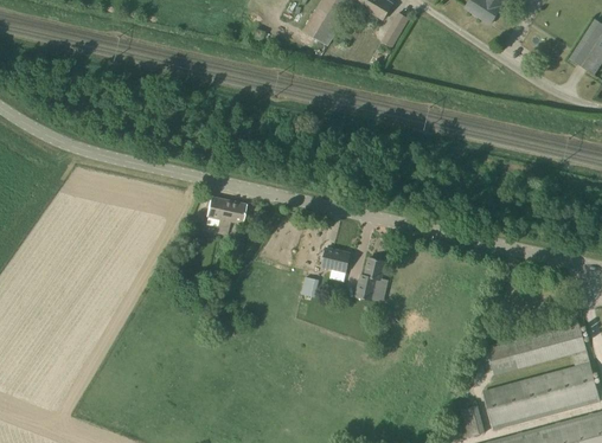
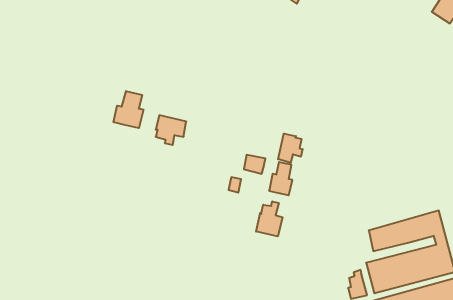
building: none -> [114,91,143,128]
building: none -> [278,134,303,163]
building: none -> [256,201,283,236]

